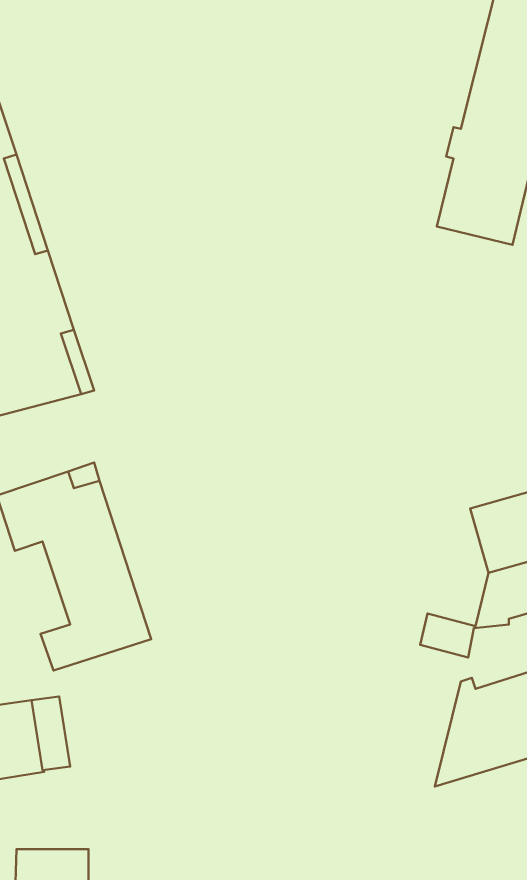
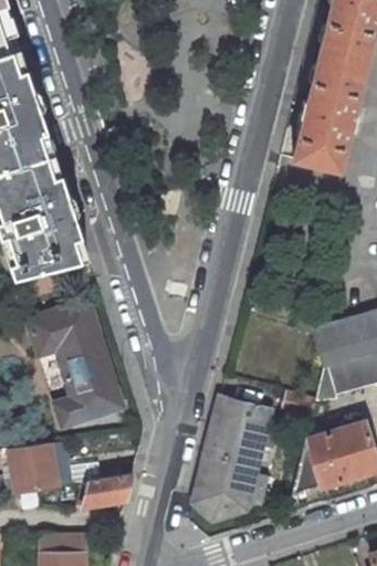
building: none -> [193,397,273,518]
building: none -> [80,472,133,507]

